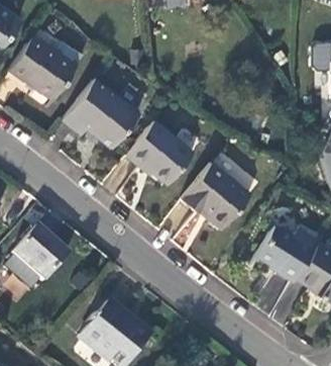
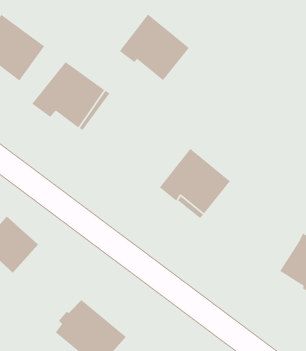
building: [129,119,196,183] -> [119,14,190,81]
building: [256,224,315,282] -> none

